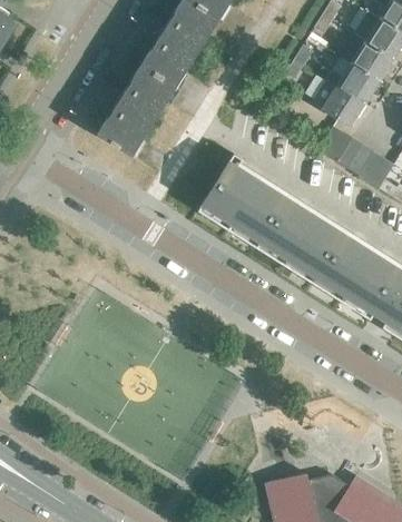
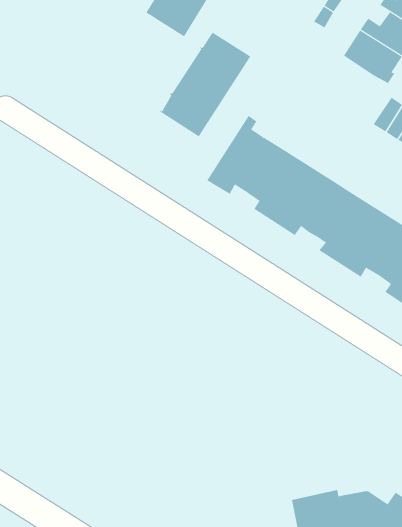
building: [97,65,176,155] -> [159,32,251,137]
building: [318,125,353,160] -> none

